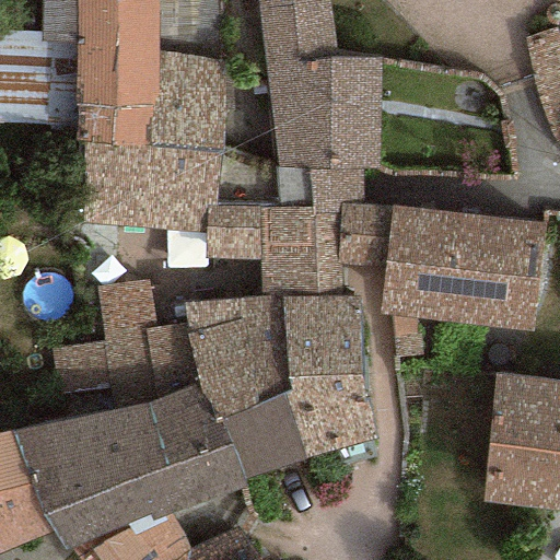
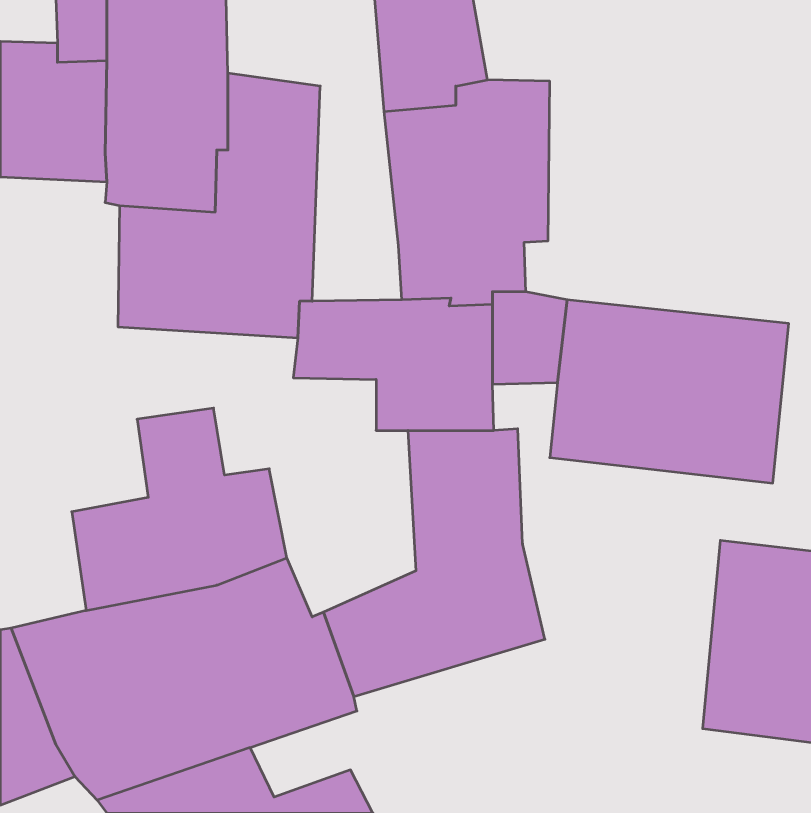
building: [184,295,288,423] -> none

